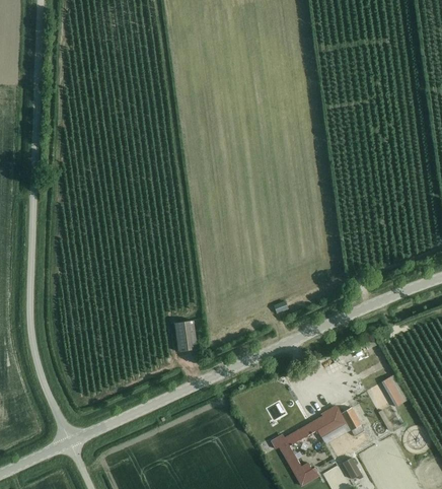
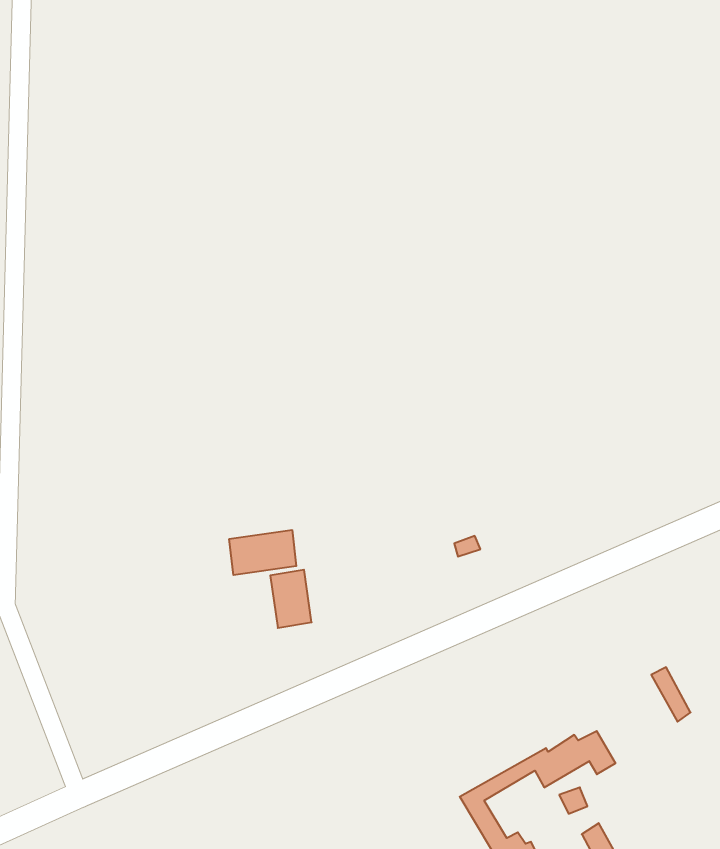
building: none -> [229,530,296,575]

